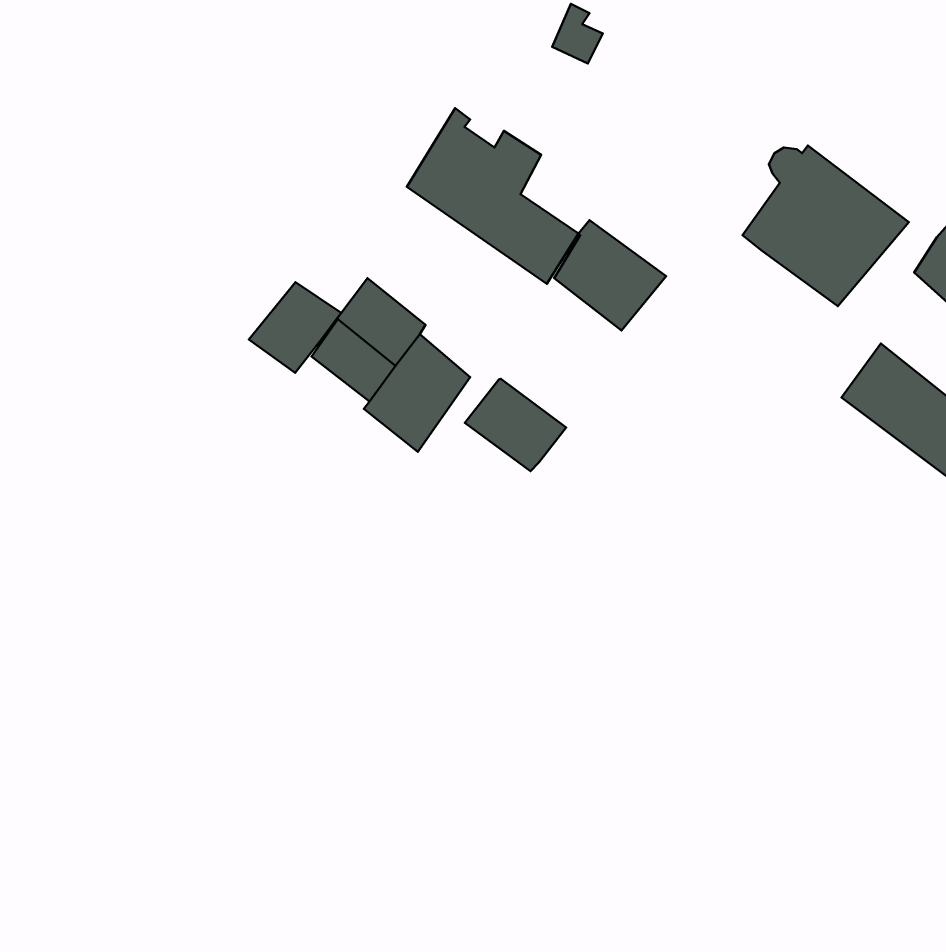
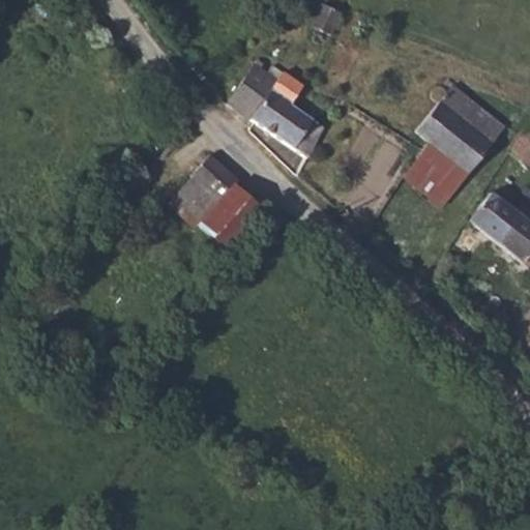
building: [554,220,666,330] -> [407,140,469,201]
building: [249,282,341,373] -> none
building: [465,379,566,471] -> none

